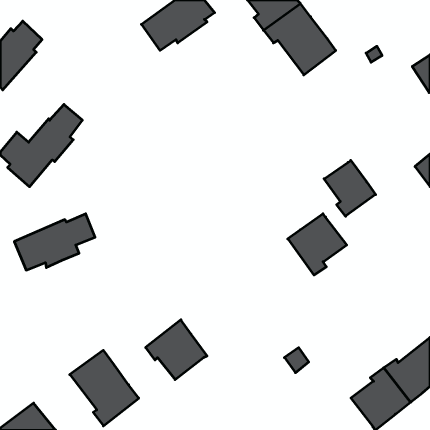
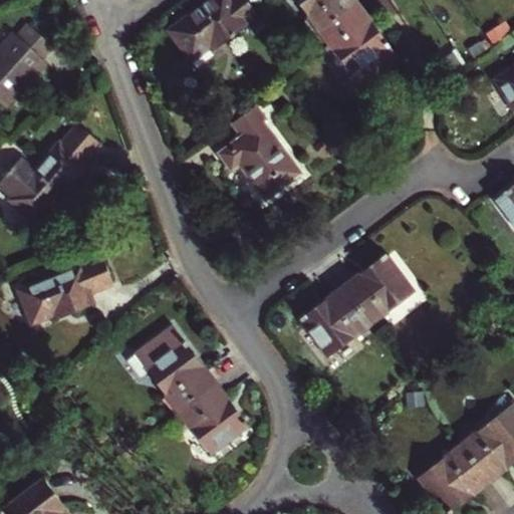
building: none -> [217,105,301,199]
building: [324,160,376,216] -> none
building: none -> [301,285,374,354]
building: [70,350,139,426] -> [134,324,216,415]

